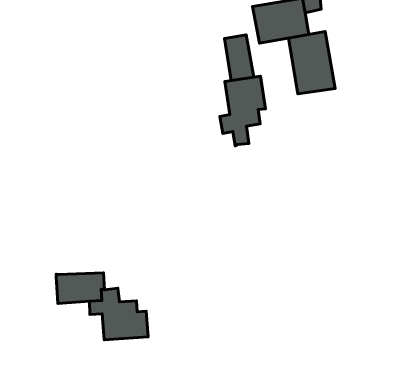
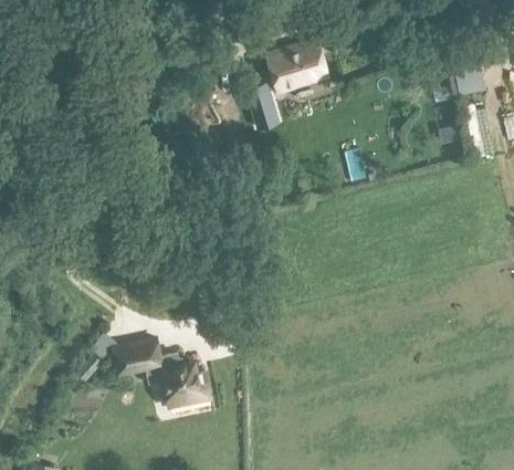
building: [288,31,335,94] -> none
building: [220,76,265,146] -> none

